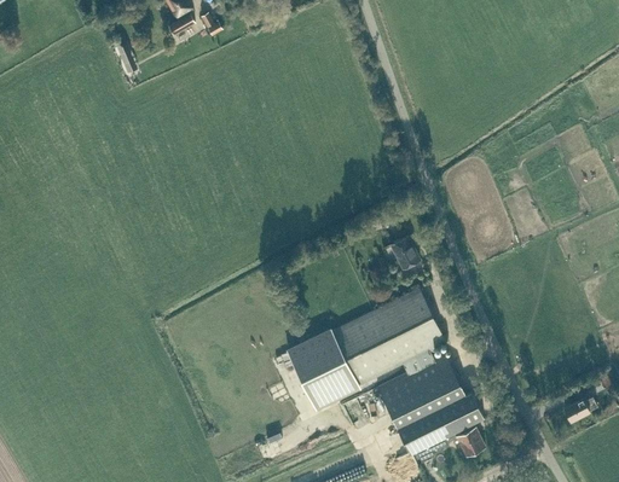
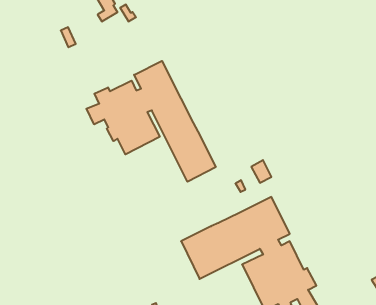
building: none -> [86,61,216,182]

